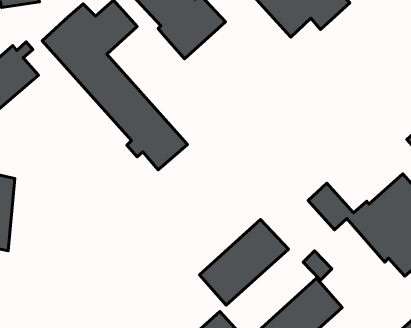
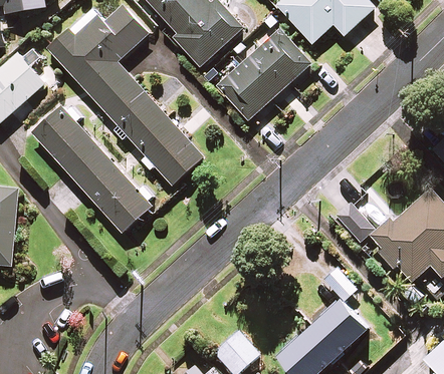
building: none -> [217,29,309,119]
building: none -> [31,105,151,232]
building: [199,219,288,305] -> none

